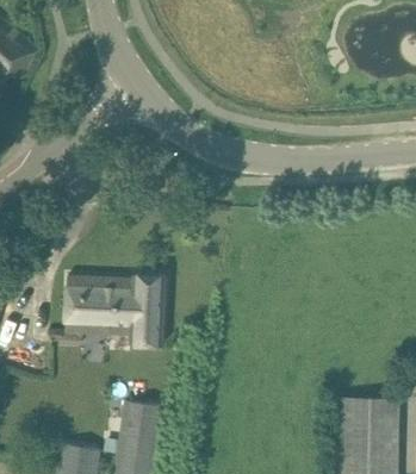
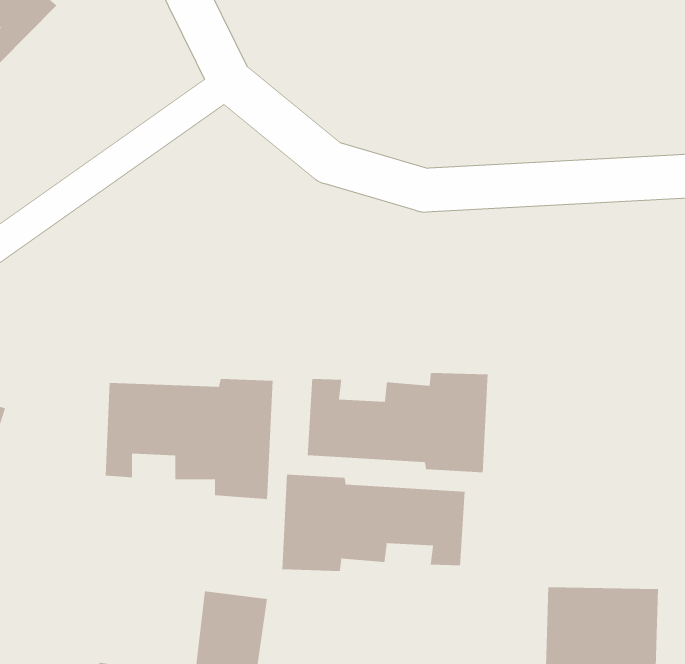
building: none -> [307,372,488,473]
building: none -> [282,474,465,572]

